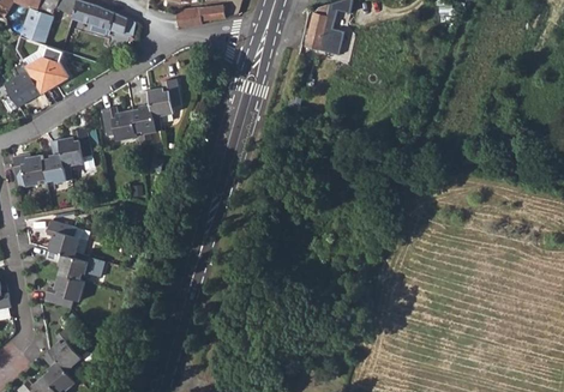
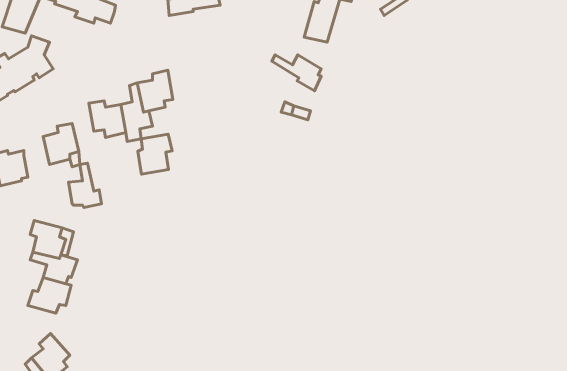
building: none -> [272,55,321,91]
building: none -> [138,134,172,174]
building: [41,140,72,182] -> [68,163,102,208]

